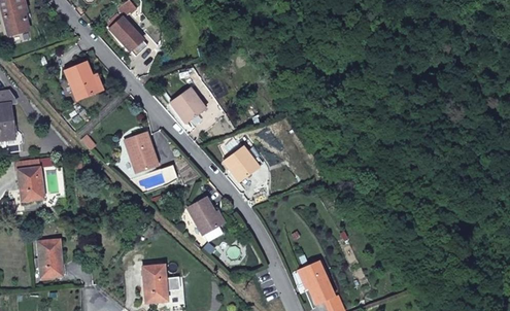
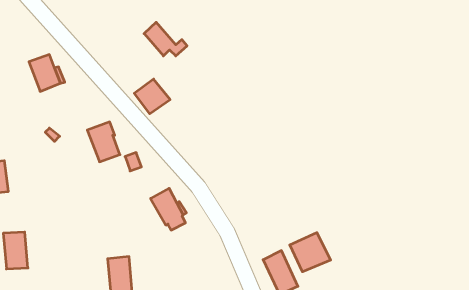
building: [110,18,154,51] -> [144,22,187,56]
building: [223,145,259,180] -> none
building: none -> [290,233,331,272]

